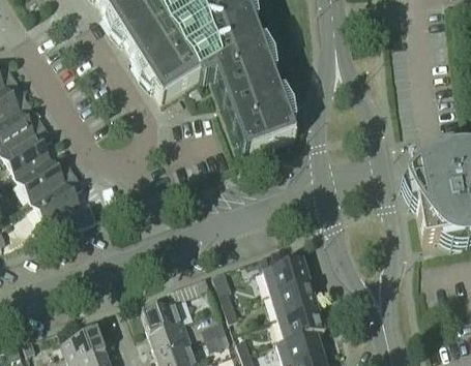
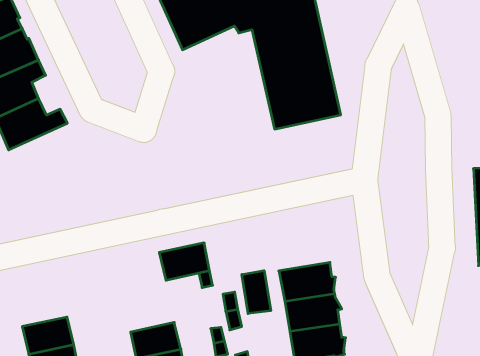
building: [30,171,94,225] -> none
building: none -> [242,271,271,314]
building: [140,298,182,332] -> [159,243,209,280]

